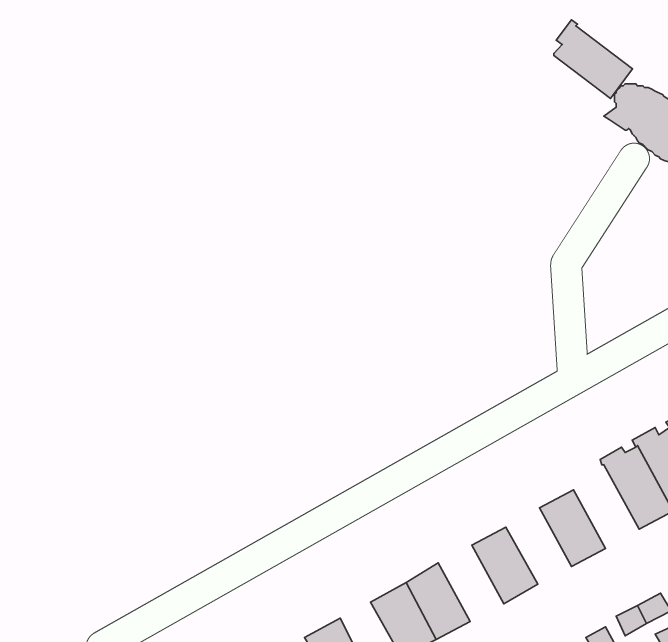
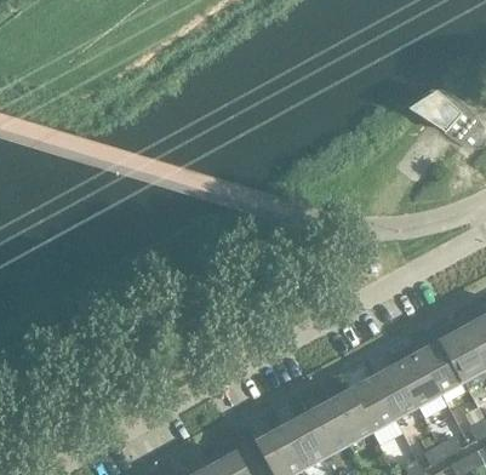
building: [554,20,633,99] -> none
building: none -> [390,350,440,407]
building: none -> [349,379,394,431]
building: none -> [303,405,348,457]

